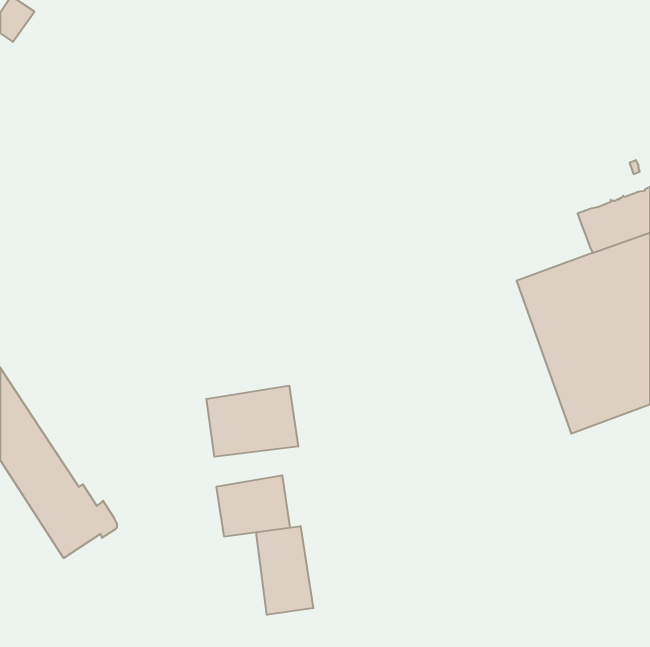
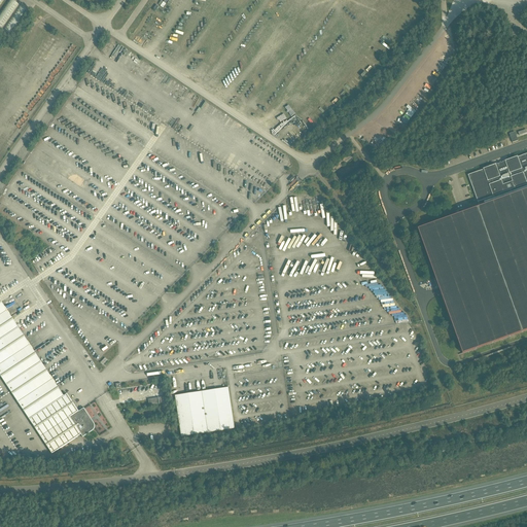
building: [206,386,298,457] -> none
building: [256,526,313,615] -> none

